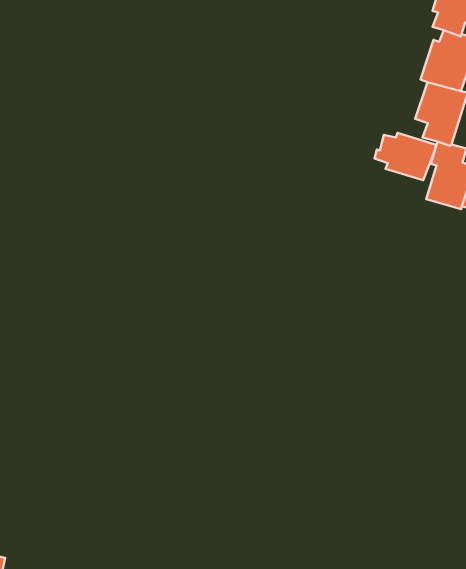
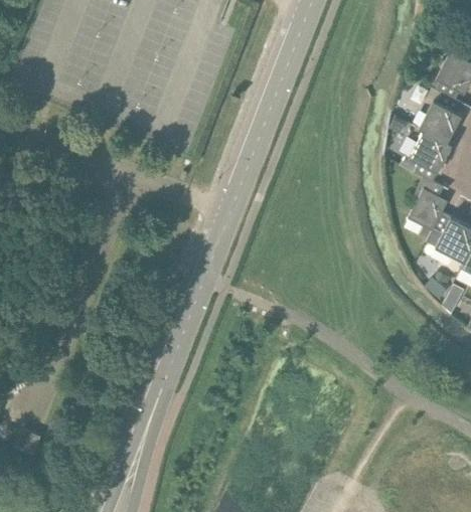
building: [374,133,436,180] -> none

